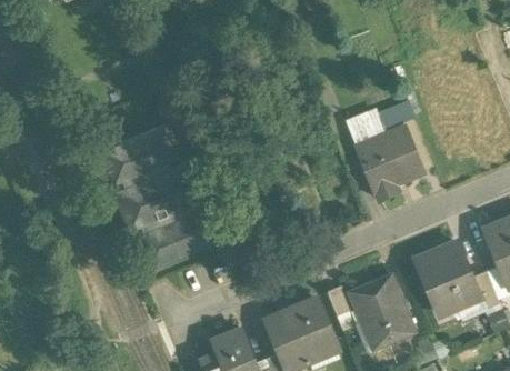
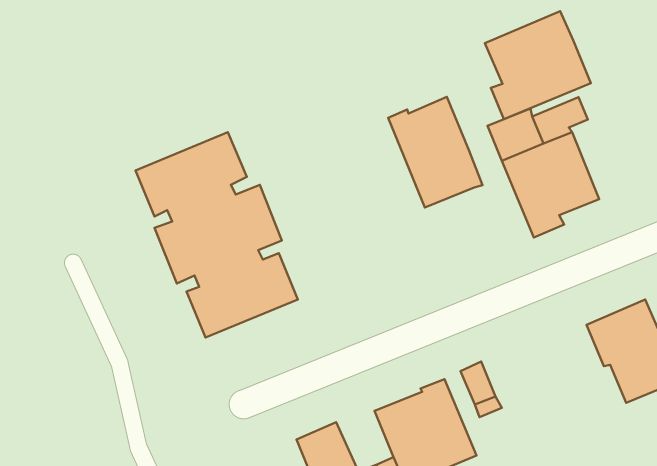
building: none -> [485,11,591,119]
building: none -> [388,97,482,207]
building: [348,274,414,348] -> none

